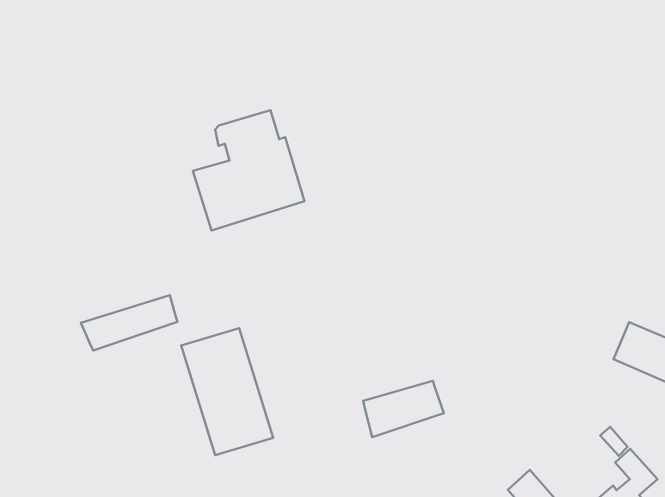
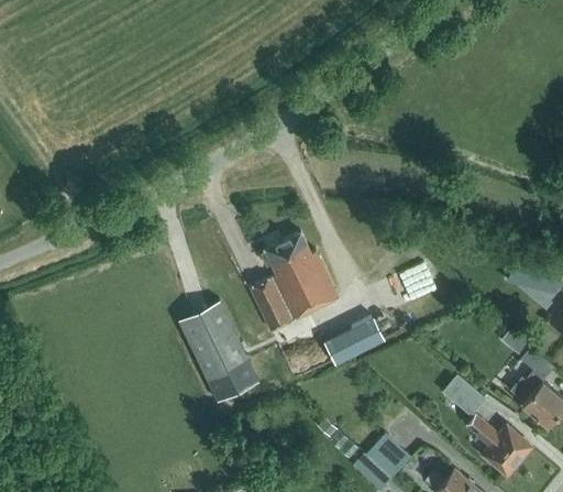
building: [193,110,305,230] -> [250,232,338,330]
building: [81,295,178,351] -> none

